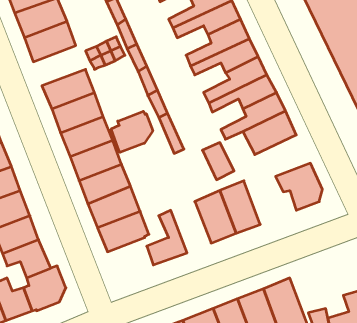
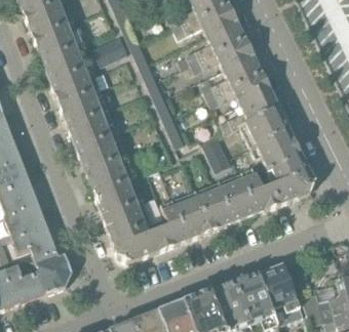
building: none -> [42,45,91,83]
building: [111,111,153,152] -> none
building: none -> [250,129,303,170]
building: none -> [240,168,289,213]
building: none -> [171,192,209,240]
building: none -> [112,225,155,261]

